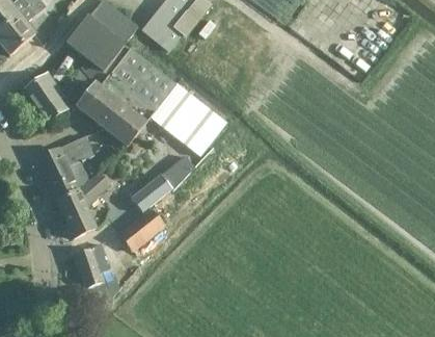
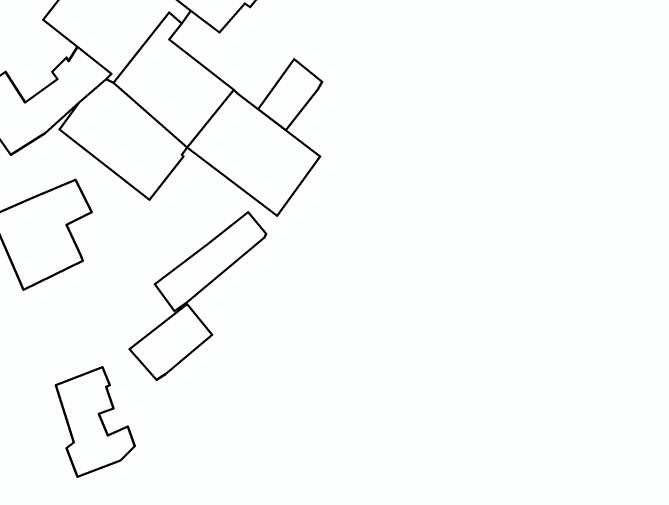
building: none -> [258,59,322,130]
building: [55,168,111,236] -> none

